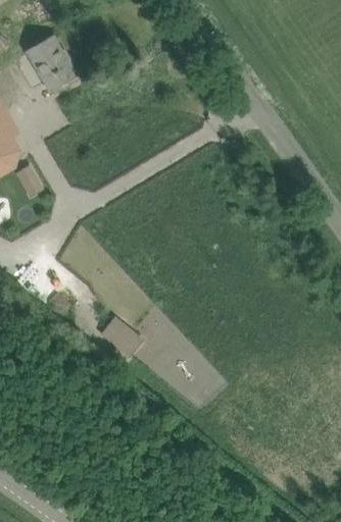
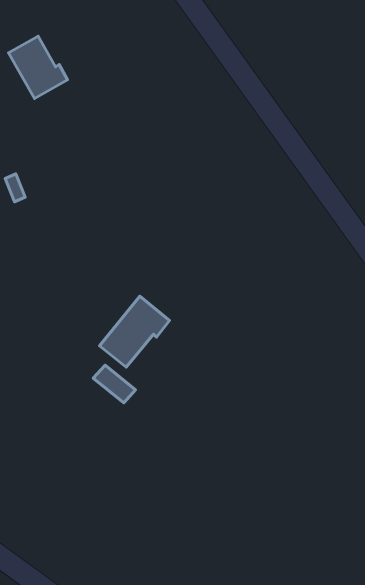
building: none -> [100,296,169,367]

